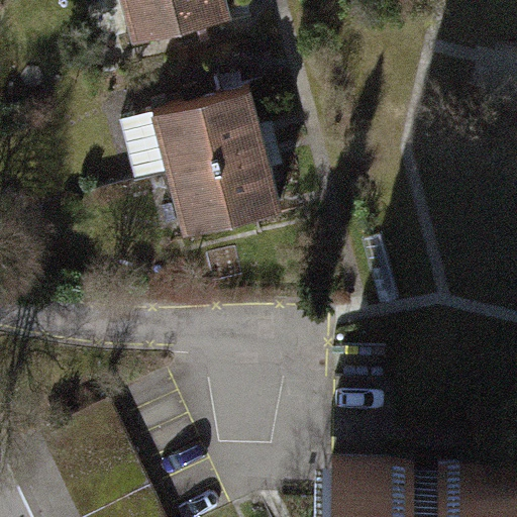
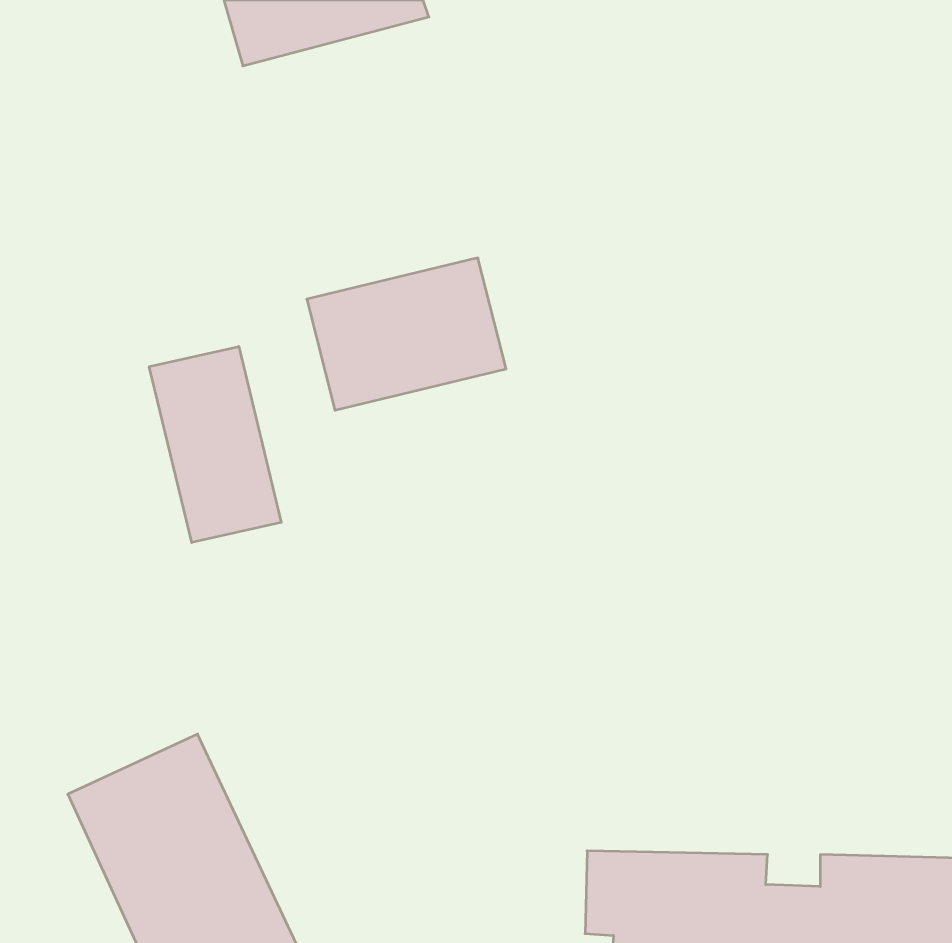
building: [154,88,262,171] -> none
building: none -> [149,346,281,543]

